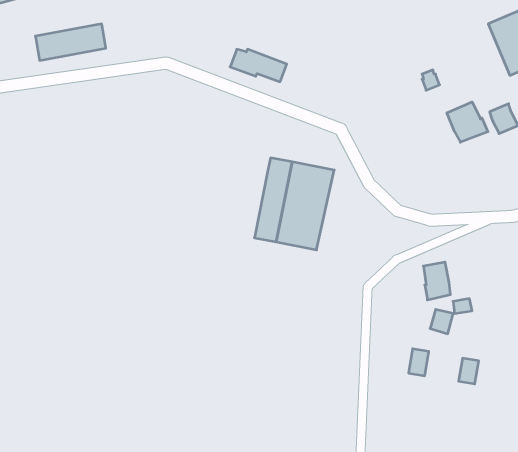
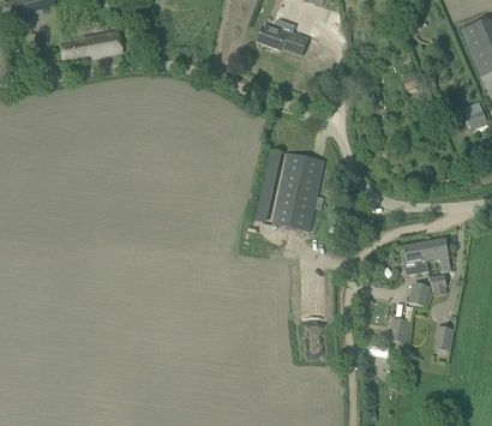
building: [230,49,287,82] -> [257,25,307,54]
building: [447,102,488,142] -> none
building: none -> [422,236,450,270]

